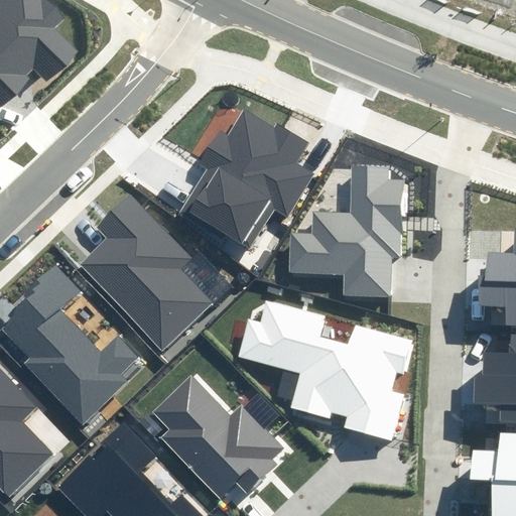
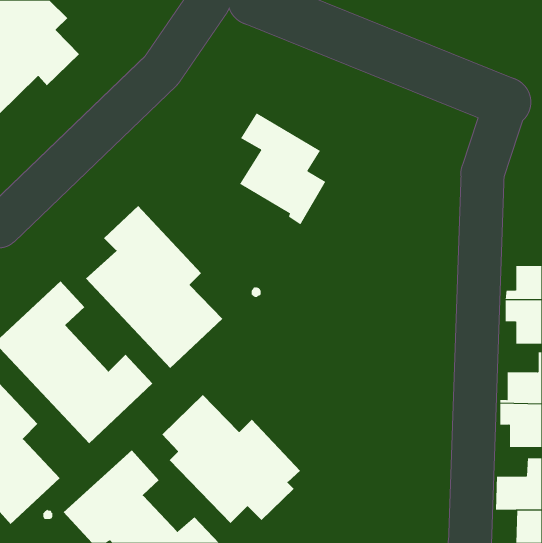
building: [185,126,274,248] -> none
building: [285,166,403,296] -> none
building: [241,306,412,446] -> none

